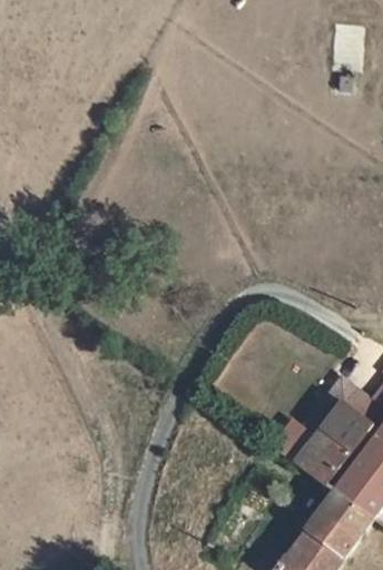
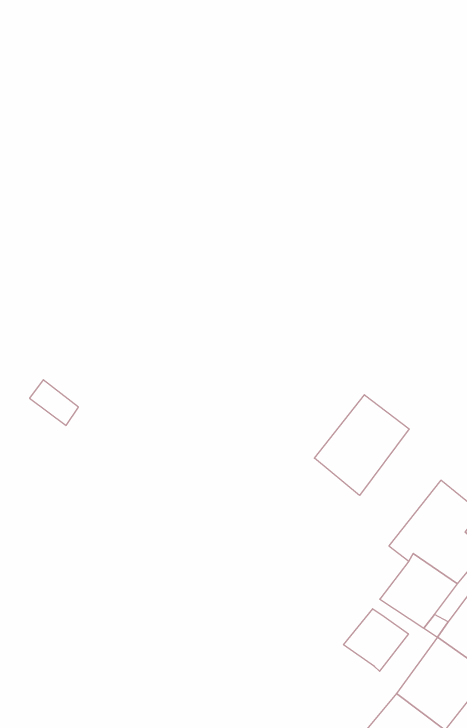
building: none -> [314,395,409,495]
building: none -> [344,609,408,671]

